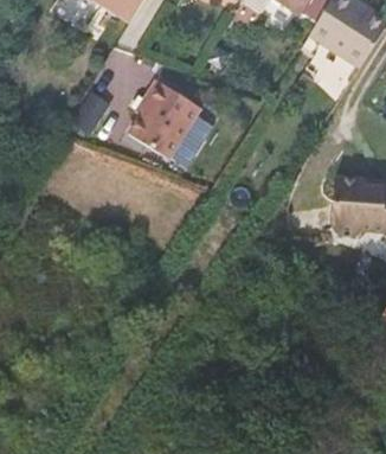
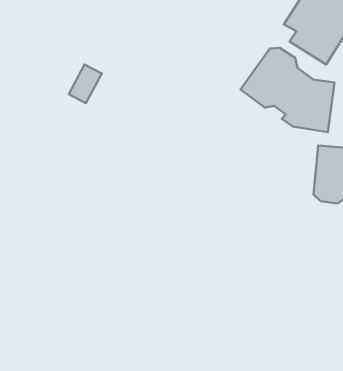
building: none -> [241,48,334,132]
building: [128,78,200,158] -> none

